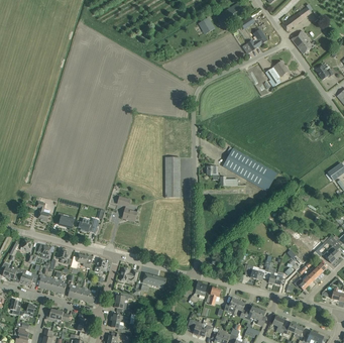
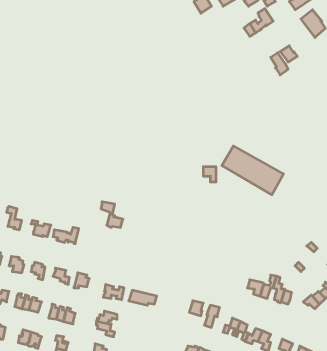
building: [165,157,180,197] -> none

